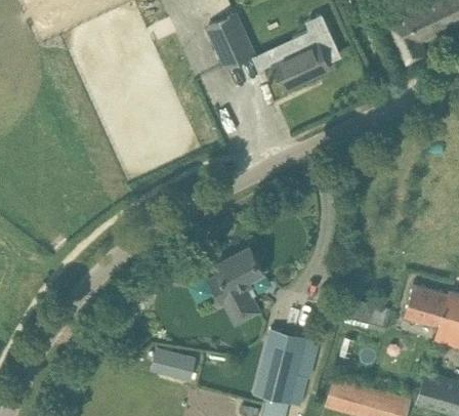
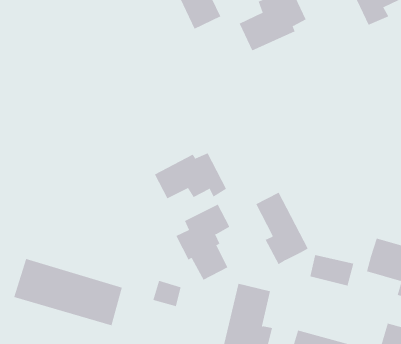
building: none -> [154,153,227,199]
building: none -> [256,192,309,265]
building: none -> [14,258,123,326]
building: [153,347,182,375] -> [153,280,181,307]

